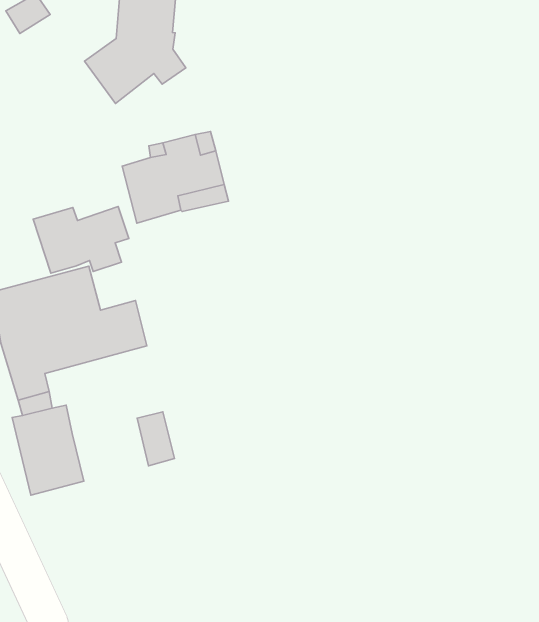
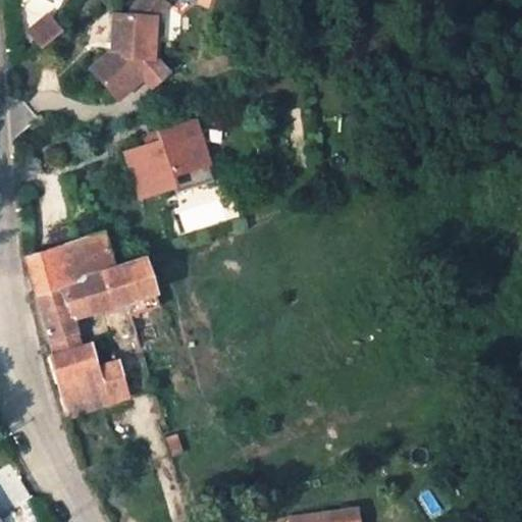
building: [33,207,129,273] -> none
building: [137,412,174,466] -> [98,361,129,405]

